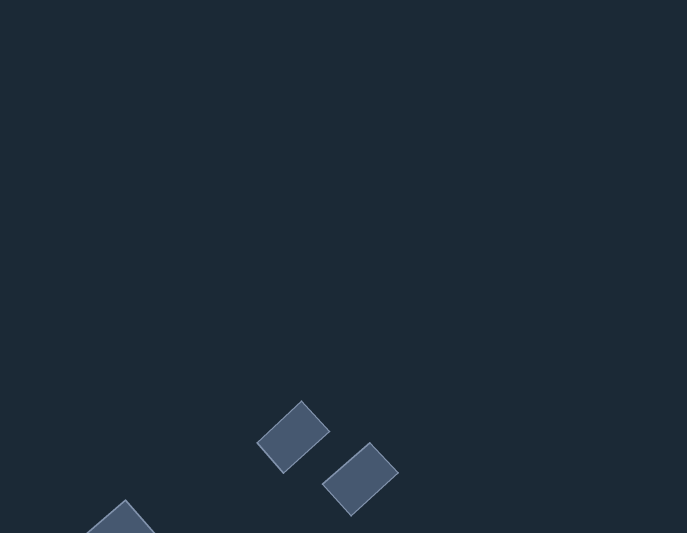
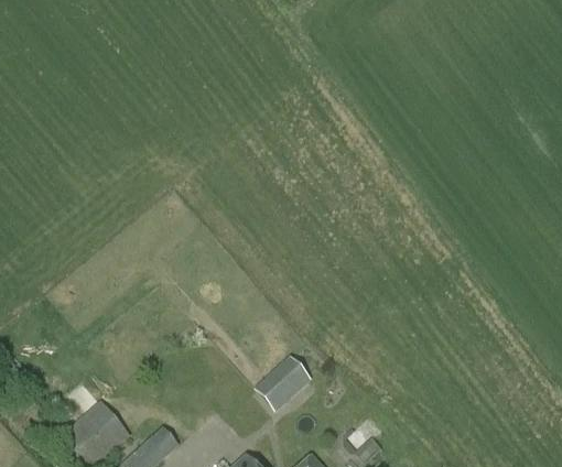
building: [257,401,329,473] -> none

